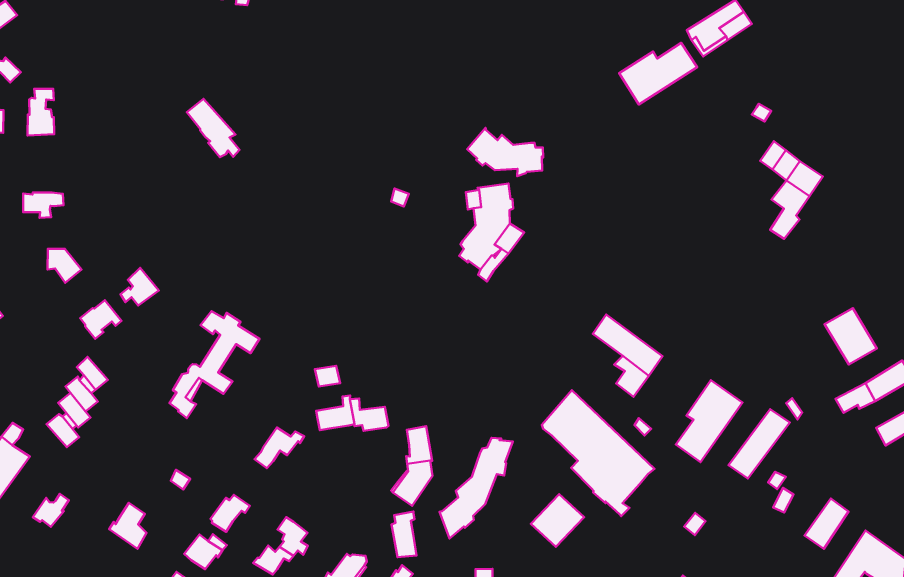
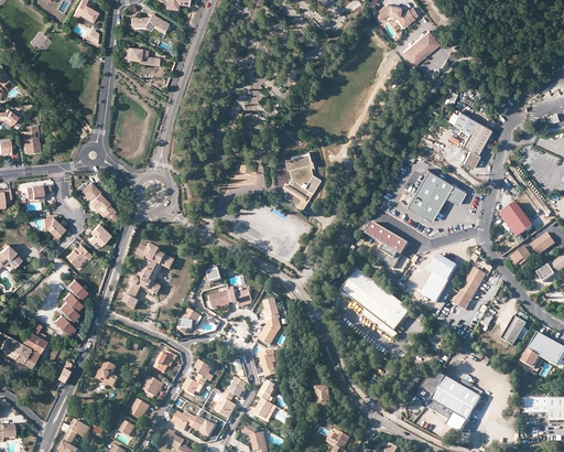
building: [619,43,697,104] -> none
building: [187,99,240,157] -> [80,181,113,214]
building: [467,128,543,176] -> none
building: none -> [405,169,465,219]
building: [440,438,513,538] -> none
building: [531,494,584,547] -> none

